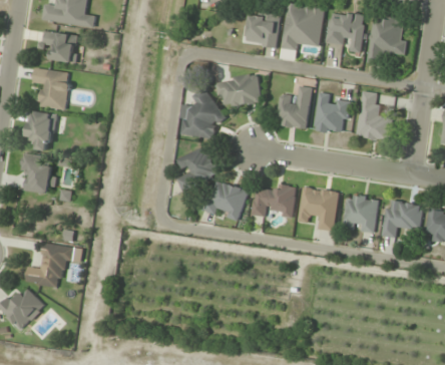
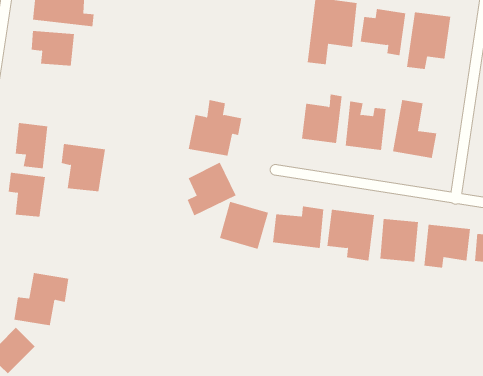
building: [247,10,281,46] -> none
building: [33,67,72,109] -> [61,143,106,192]
building: [216,73,262,107] -> none

